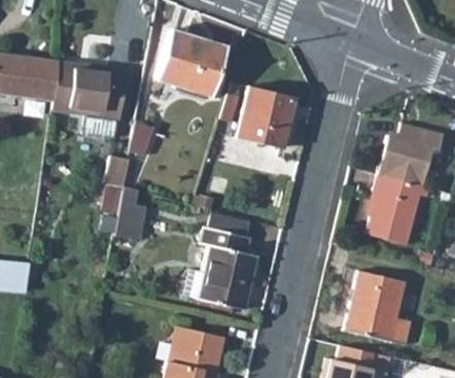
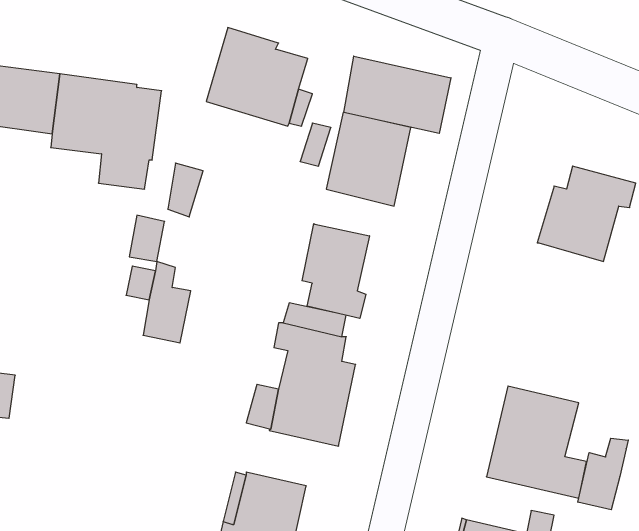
building: none -> [344,56,451,133]
building: none -> [302,224,369,318]
building: [366,174,429,245] -> none
building: none -> [578,438,628,510]

